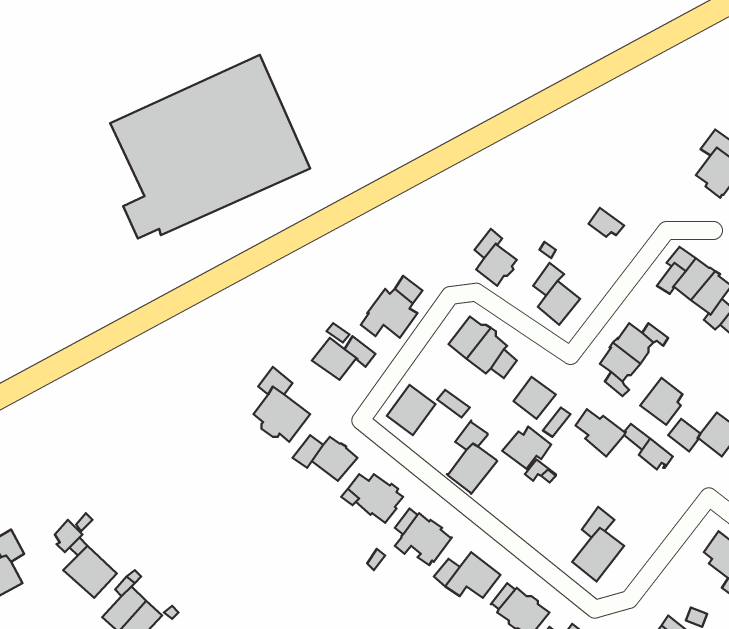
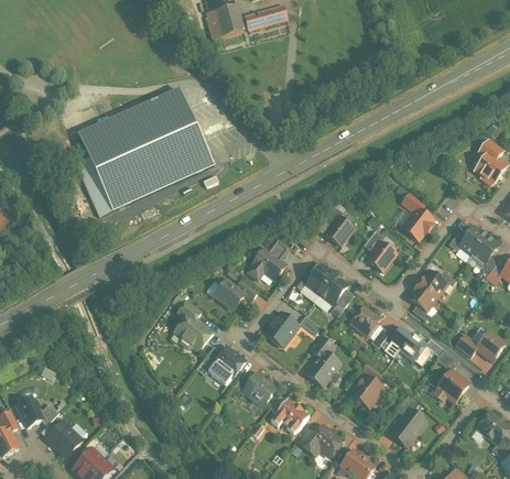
building: none -> [403,208,432,239]
building: [640,378,683,425] -> [436,370,465,402]
building: [502,427,551,469] -> [349,377,382,405]
building: none -> [15,398,43,427]

